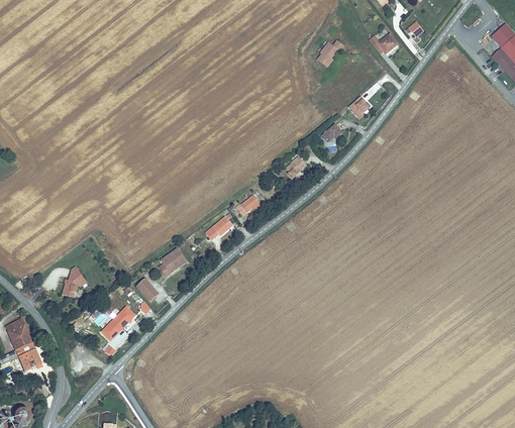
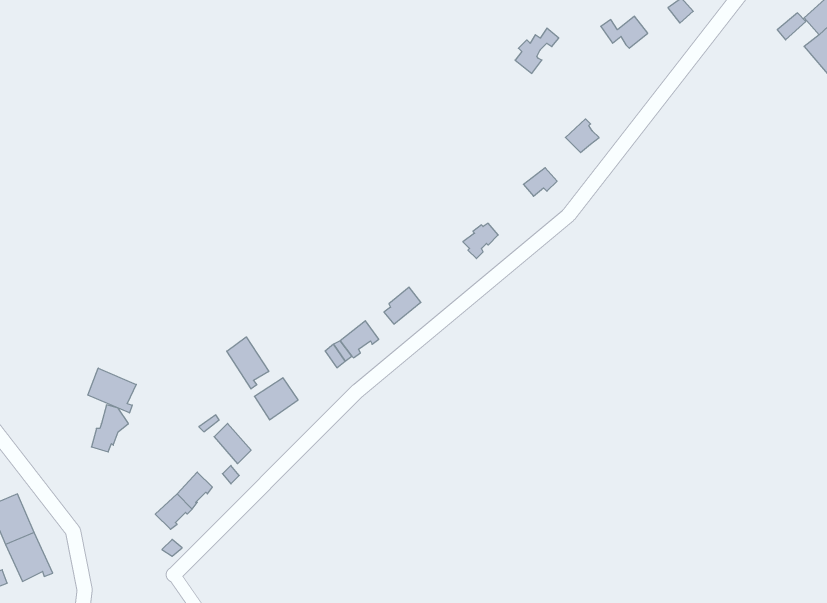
building: none -> [227,337,269,389]
building: none -> [88,368,136,413]

